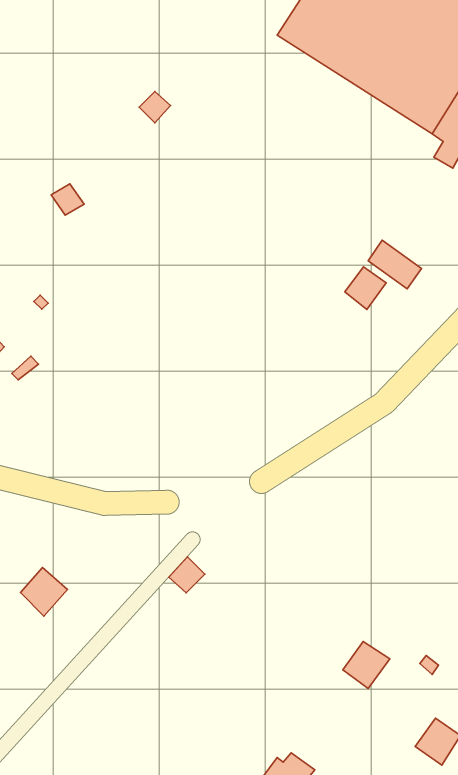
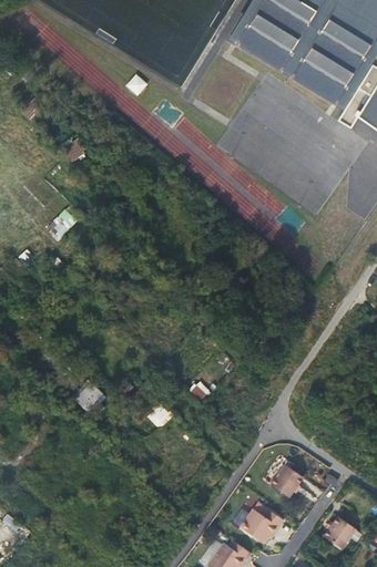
building: [345,267,386,310] -> none
building: [20,568,67,616] -> [73,379,106,413]
building: none -> [242,509,286,544]

